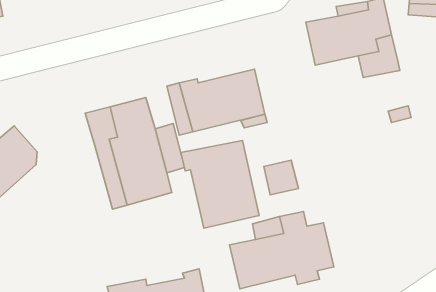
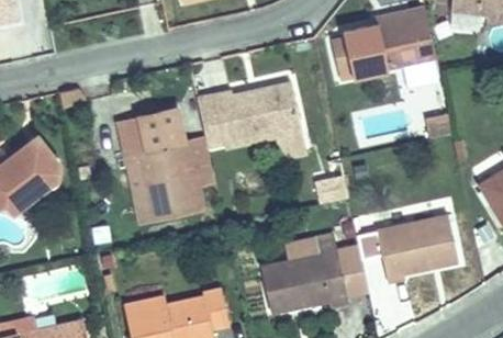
building: [181,140,259,228] -> none
building: none -> [377,209,462,280]

